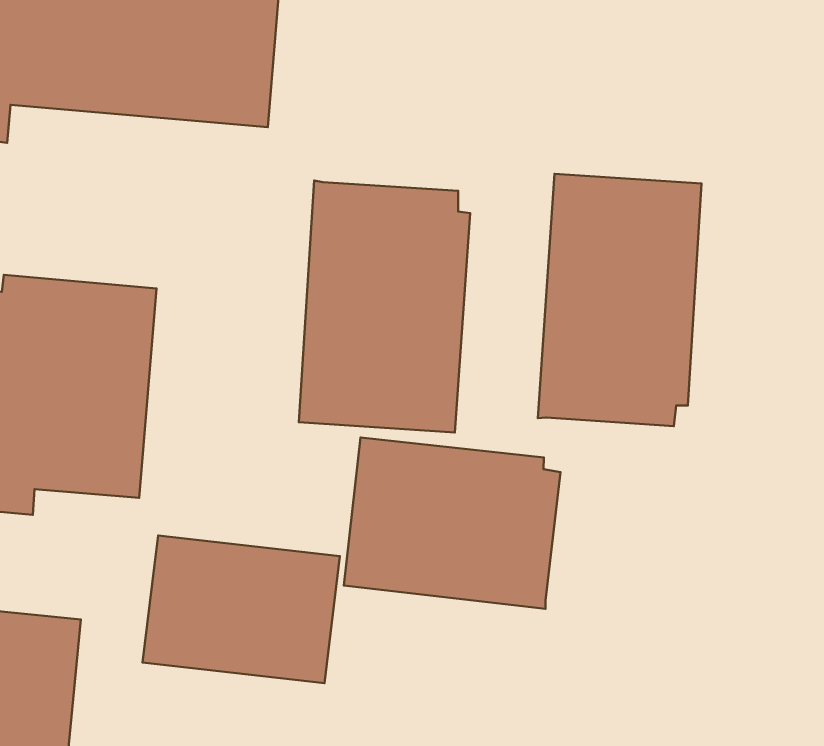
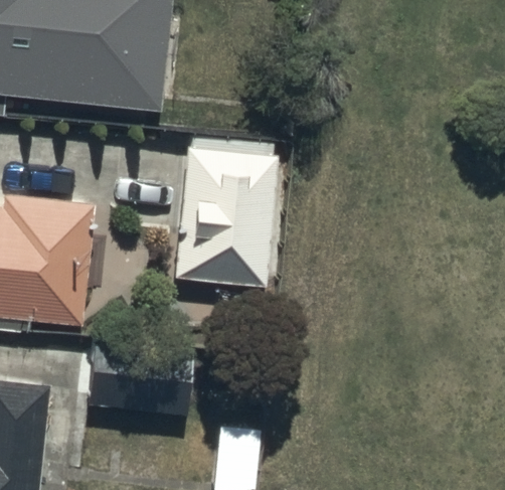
building: [538,174,701,426] -> none
building: [344,438,560,609] -> none

